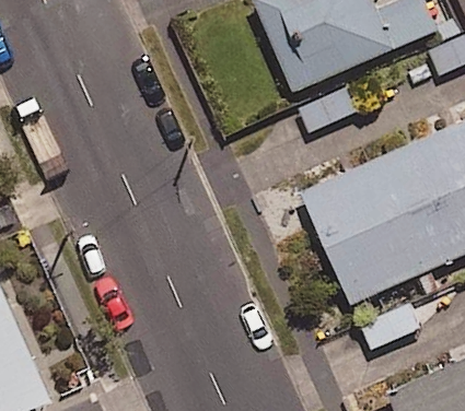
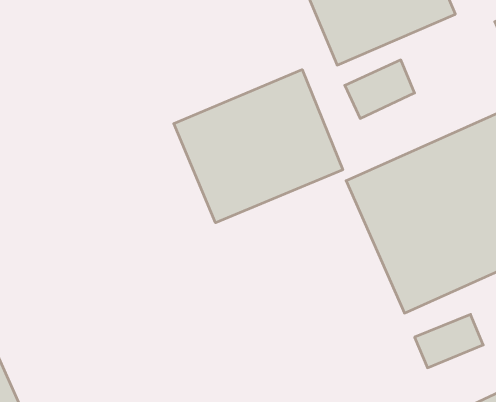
building: none -> [174,70,343,223]

